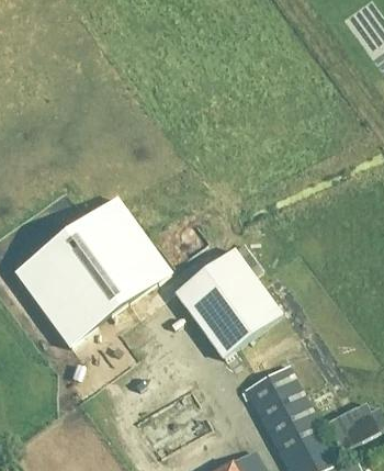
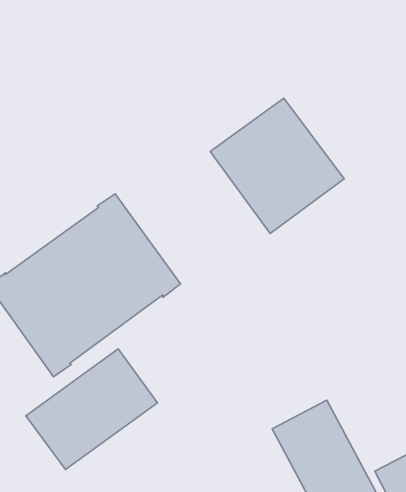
building: [174,248,282,357] -> [210,98,344,234]
building: none -> [26,349,158,470]

